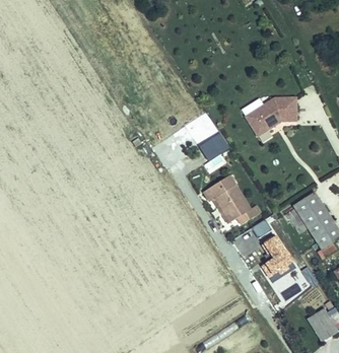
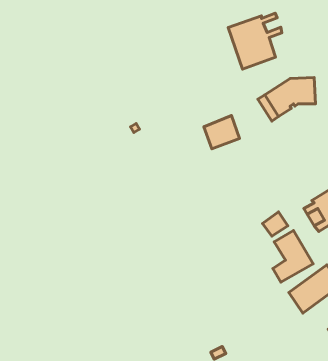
building: none -> [228,13,282,69]
building: [206,175,260,224] -> none

